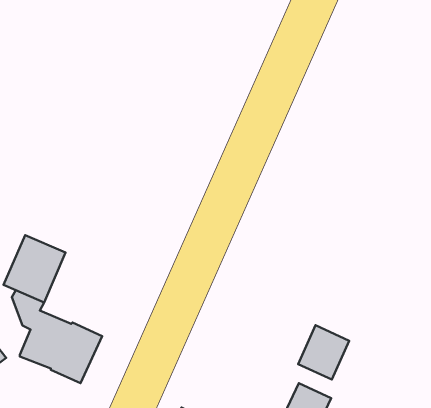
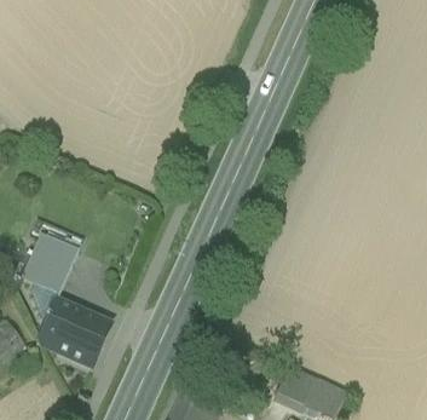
building: [298,325,349,380] -> none

